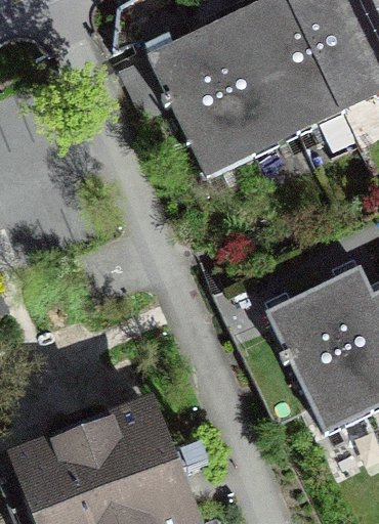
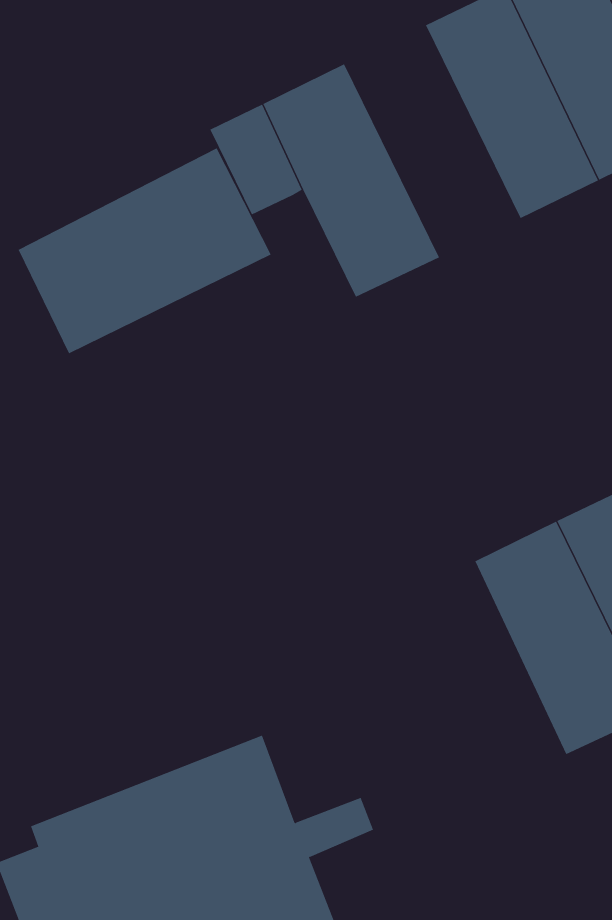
building: [201,15,299,145] -> none
building: none -> [18,147,272,354]

